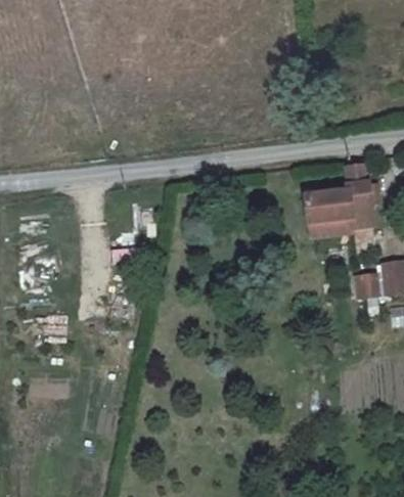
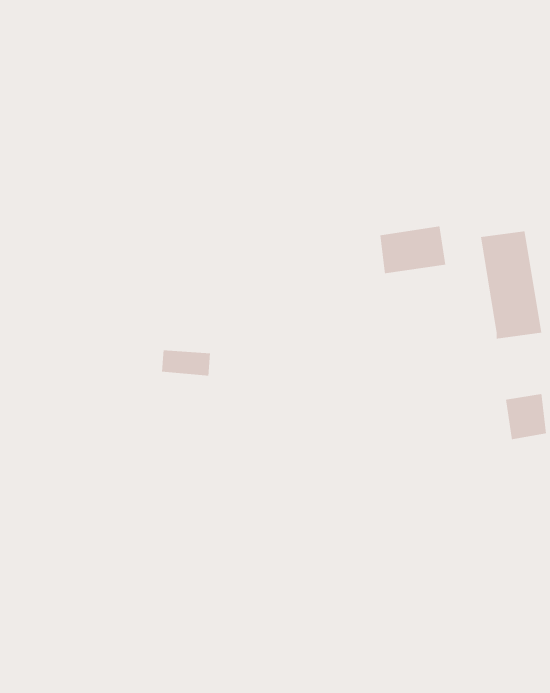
building: [304,205,348,236] -> [380,226,446,274]

